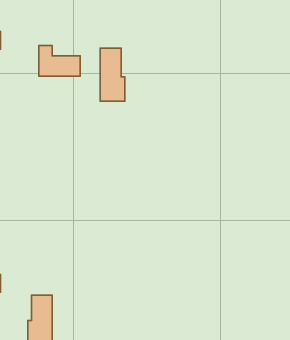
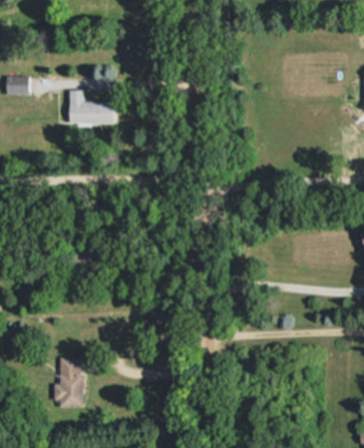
building: [100,48,125,101] -> none

